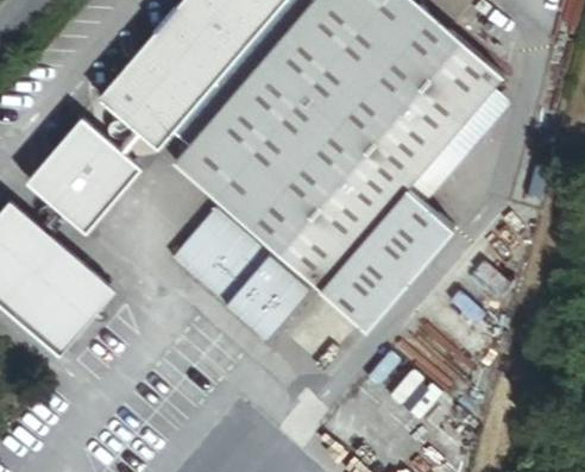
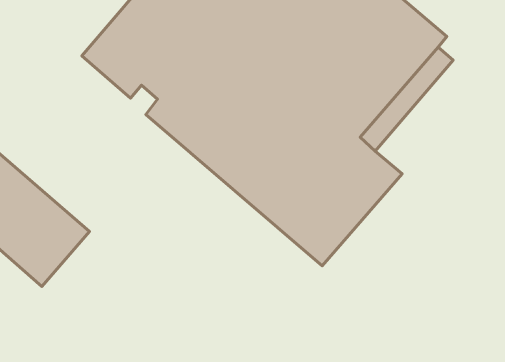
building: [31,120,137,226] -> none
building: [166,208,312,347] -> none

